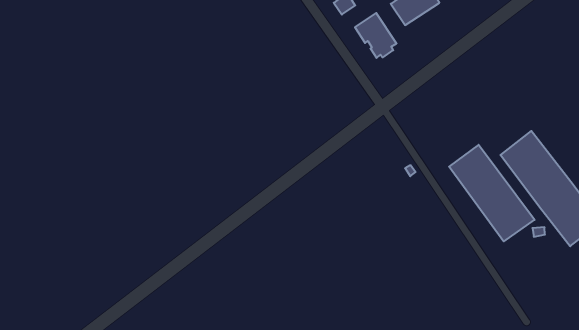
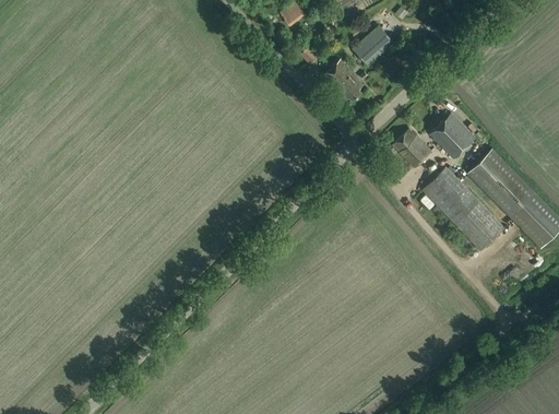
building: none -> [429,114,476,161]
building: none -> [391,127,429,166]

